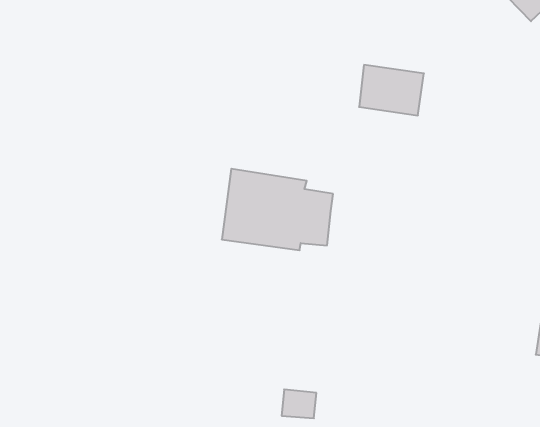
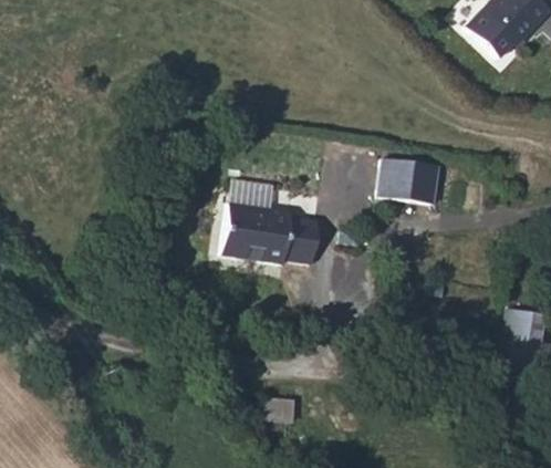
building: [359,65,424,115] -> [375,154,435,200]

